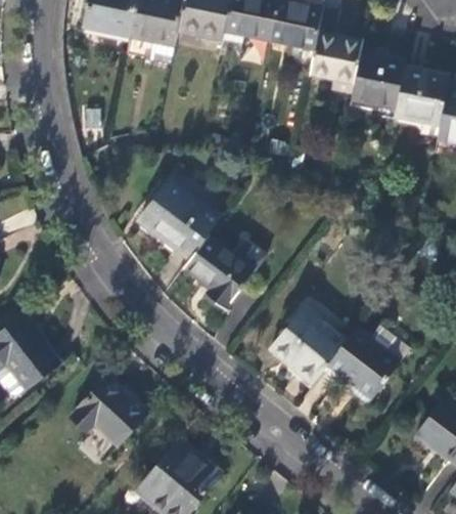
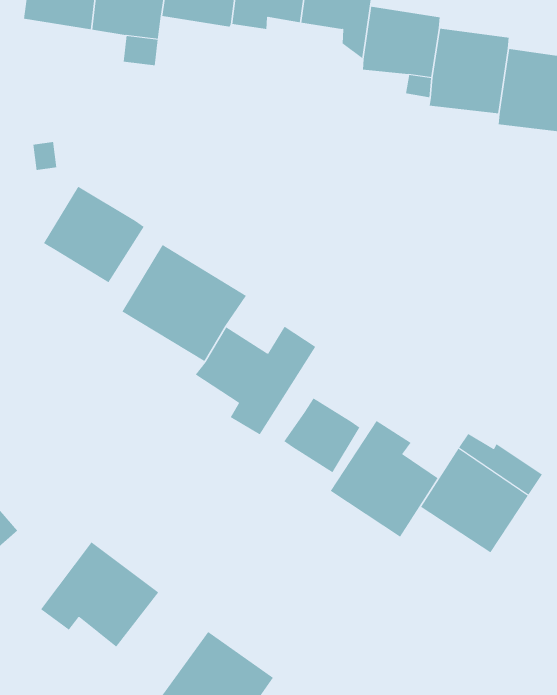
building: none -> [43,186,144,283]
building: none -> [283,397,360,473]

